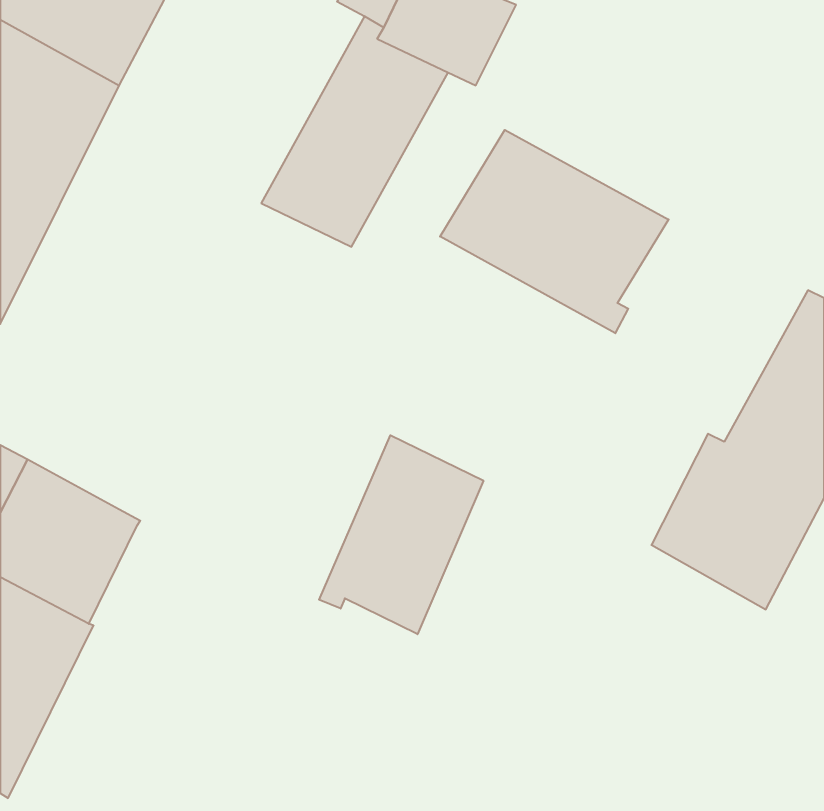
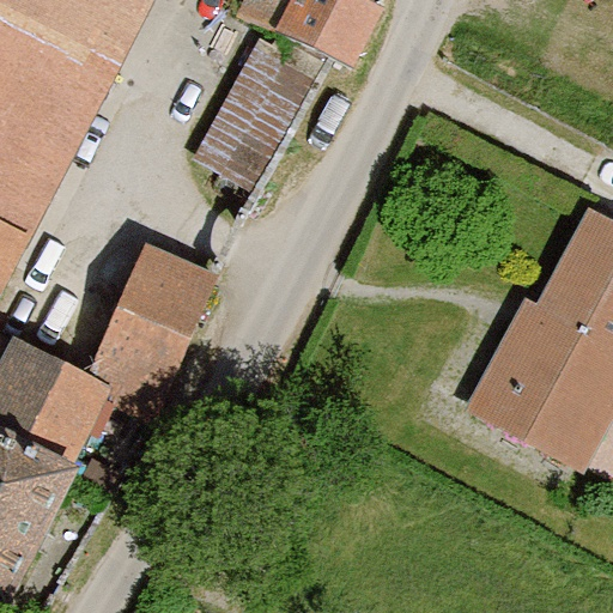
building: [440,130,669,333] -> none
building: none -> [89,257,213,418]
building: [319,435,483,634] -> none

